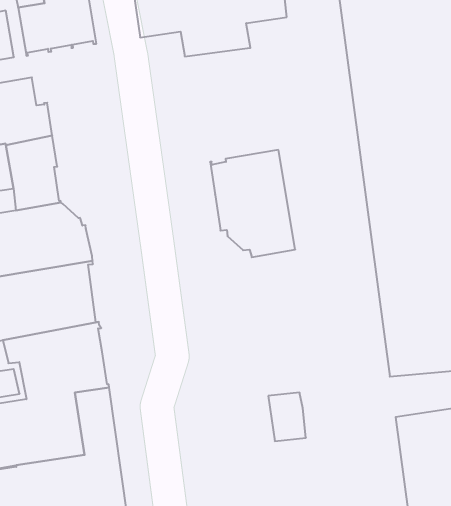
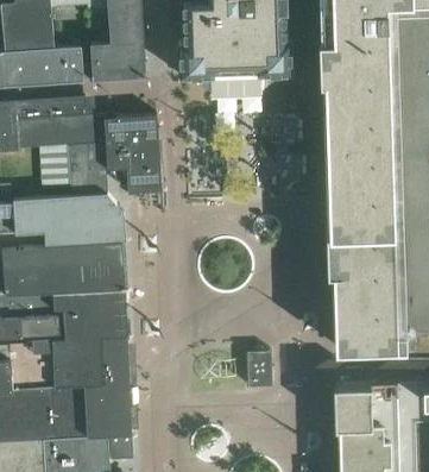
building: [210,150,295,257] -> [103,115,160,194]

